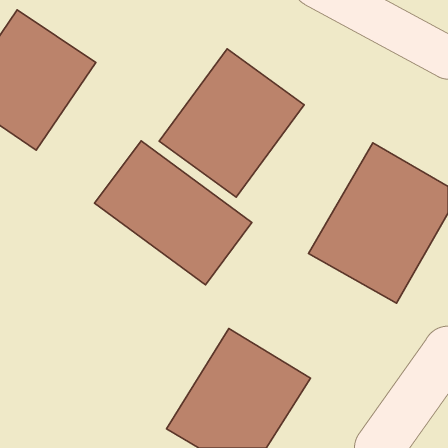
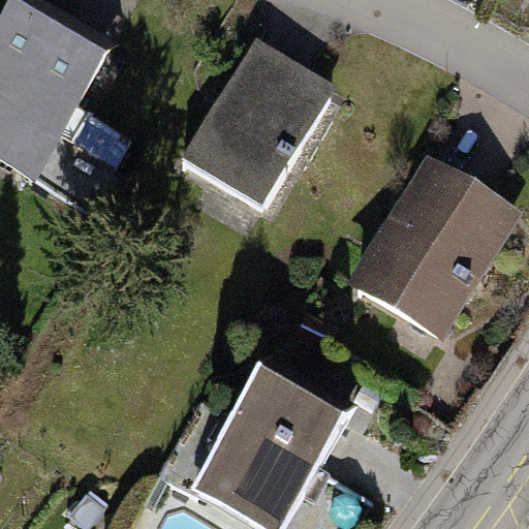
building: [95,141,252,285] -> none

